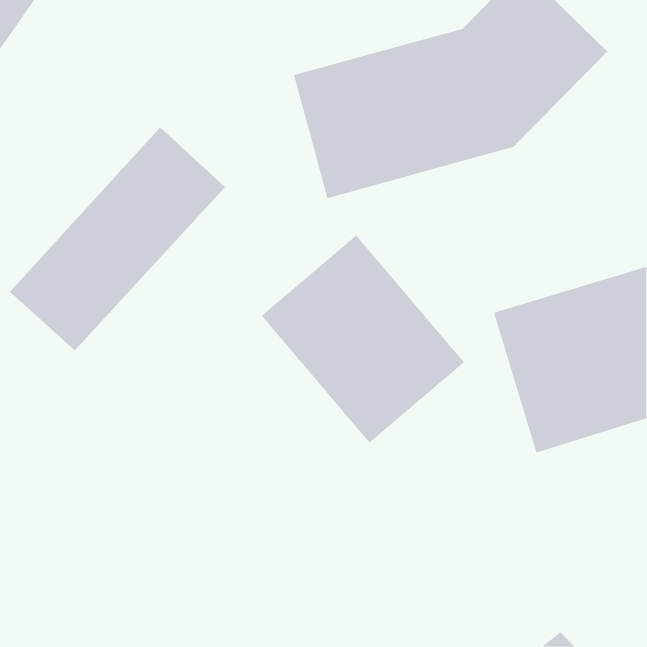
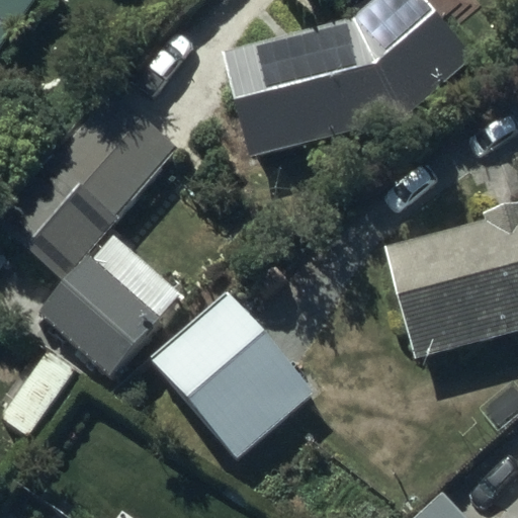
building: [261,234,465,444] -> [154,292,314,456]
building: none -> [40,260,159,377]

